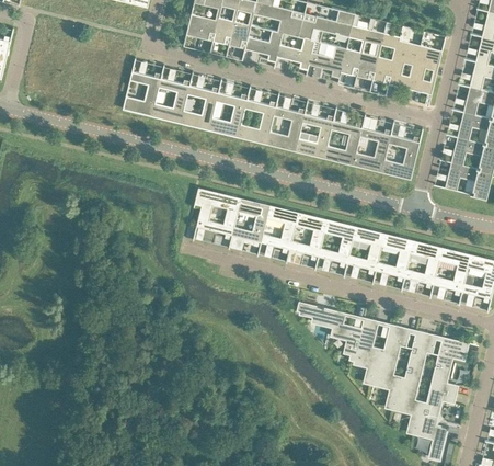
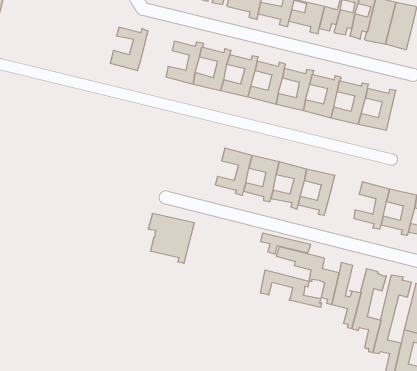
building: [150,78,189,123] -> none
building: [193,187,241,240] -> [148,213,194,264]
building: [346,226,384,275] -> none
building: none -> [260,270,322,307]

